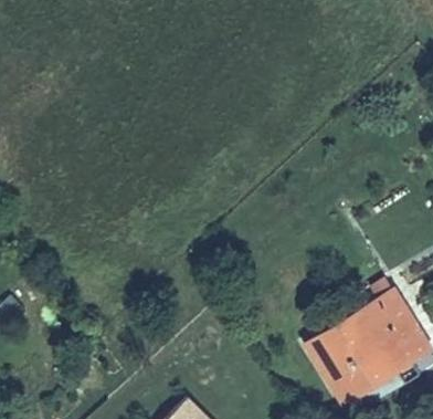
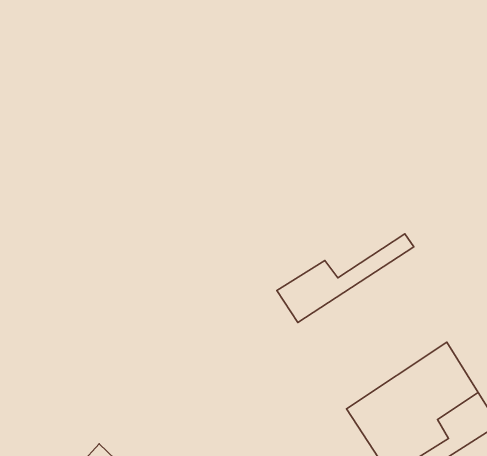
building: none -> [277,234,414,322]

